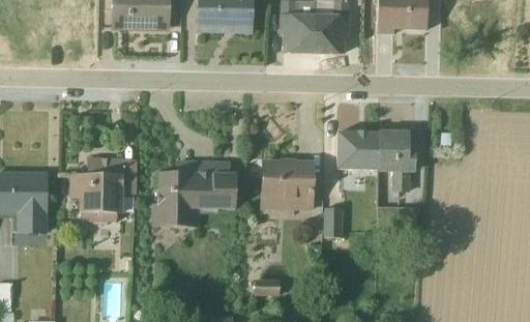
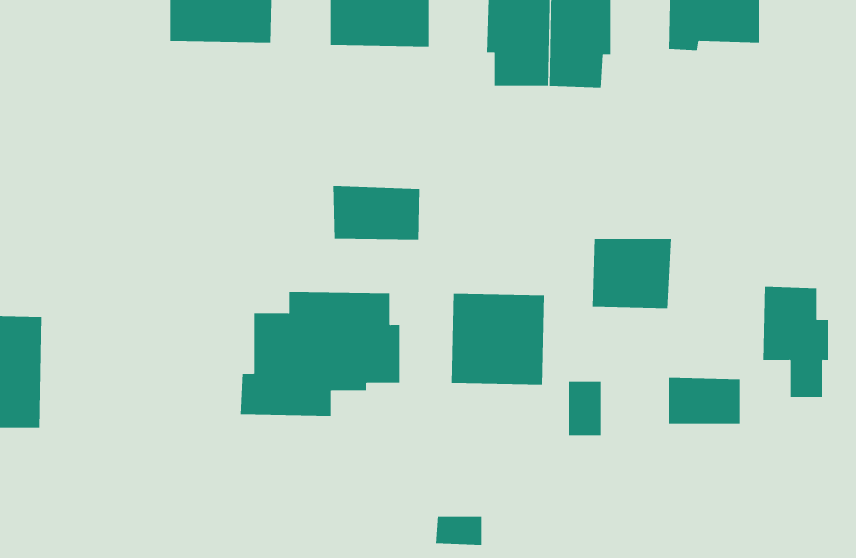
building: none -> [333,185,420,241]
building: [379,133,414,192] -> [762,286,829,398]
building: [71,158,137,222] -> none

